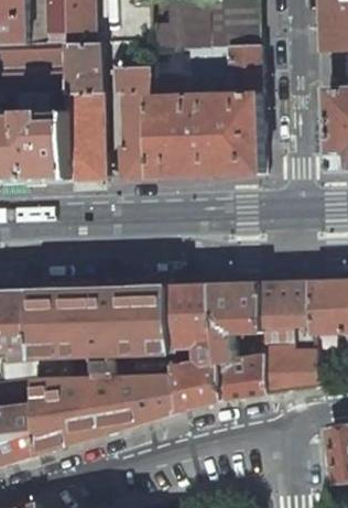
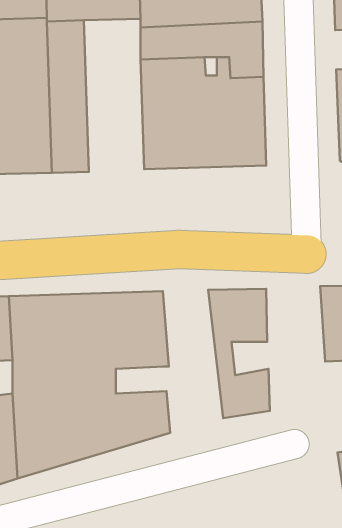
building: [113,65,151,176] -> none
building: [260,280,316,391] -> none
building: [167,283,221,411] -> none

